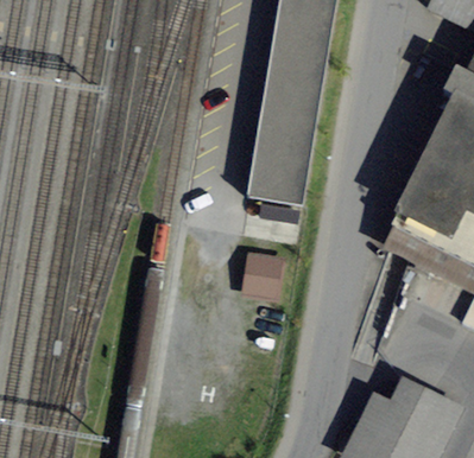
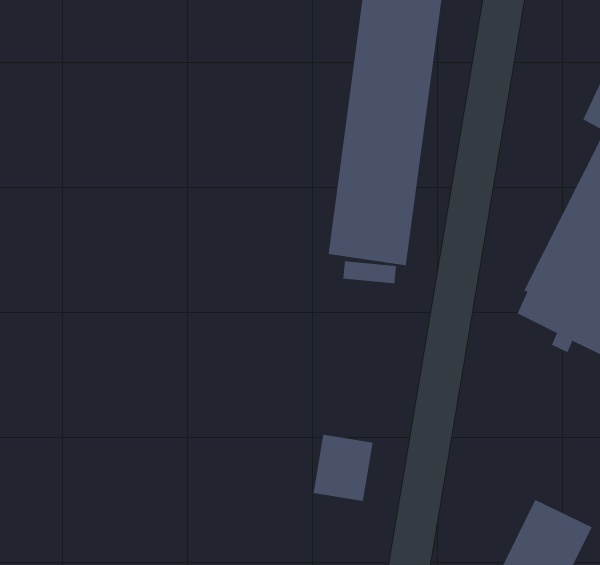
building: [241,247,285,295] -> [313,434,374,502]

